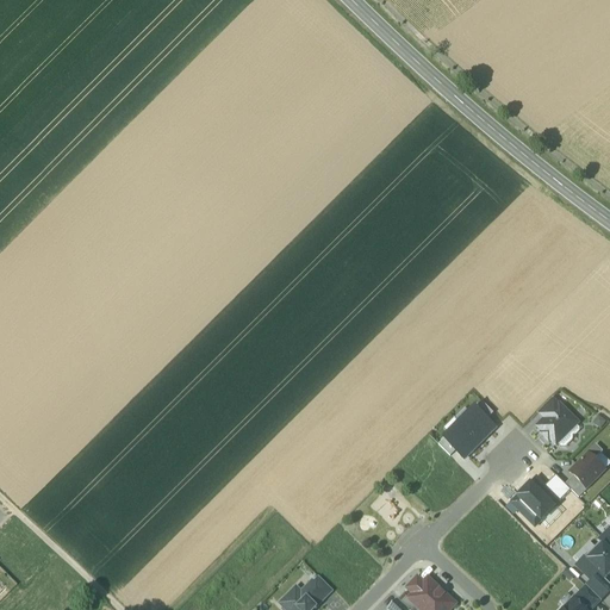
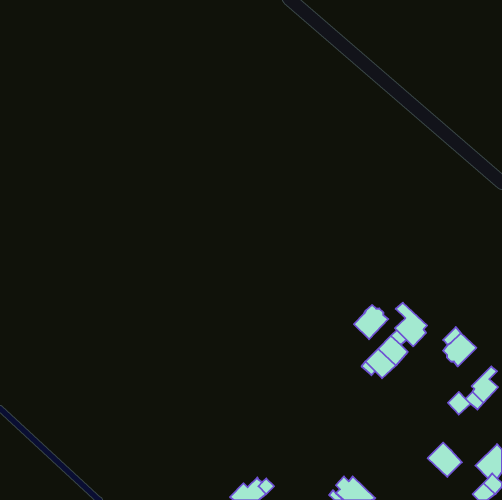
building: none -> [395,303,427,346]
building: none -> [354,305,388,339]
building: [515,479,556,521] -> [428,443,462,477]

